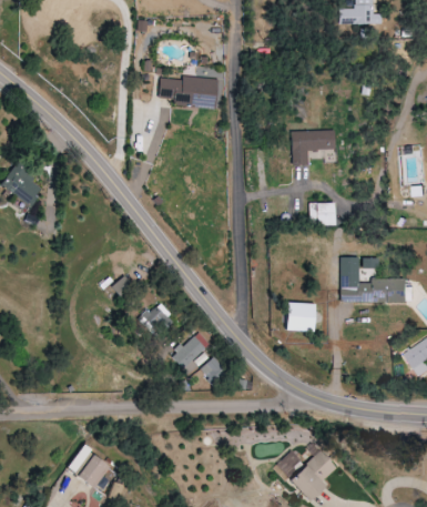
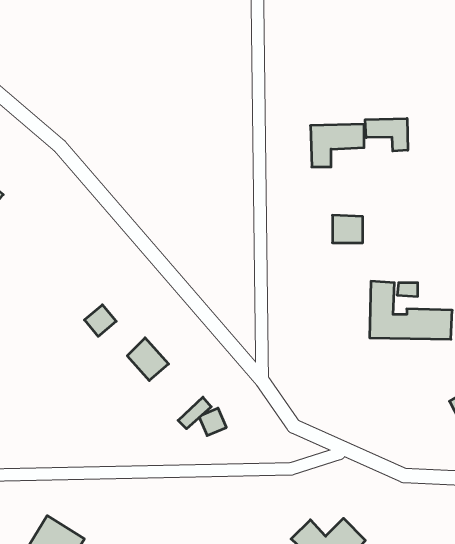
building: [159,75,218,108] -> none
building: none -> [365,118,408,151]
building: [285,303,314,332] -> none
building: [172,335,205,368] -> none

